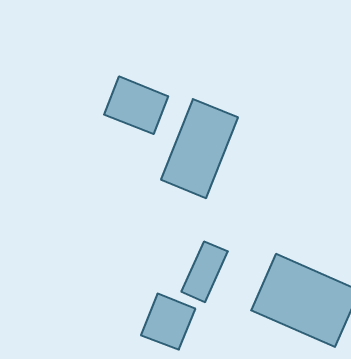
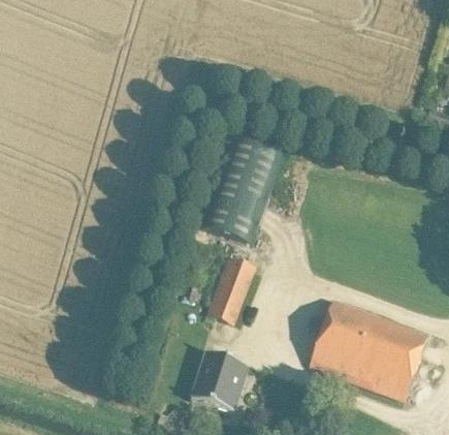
building: [104,76,168,134] -> none
building: [181,242,228,302] -> [206,257,255,323]

